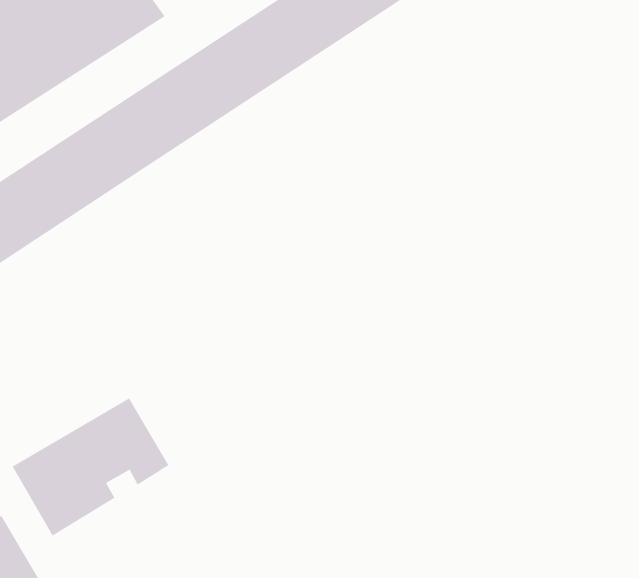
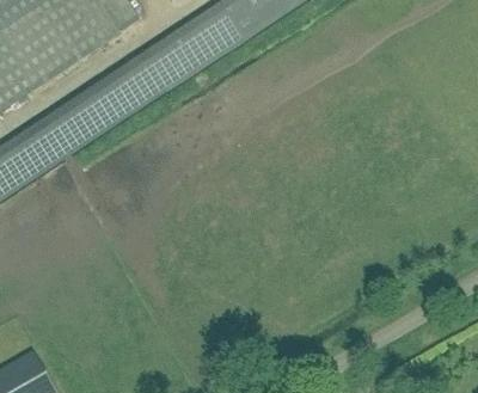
building: [12,397,169,536] -> none

